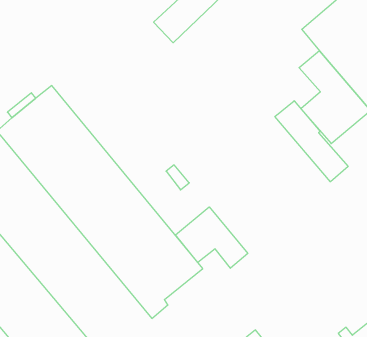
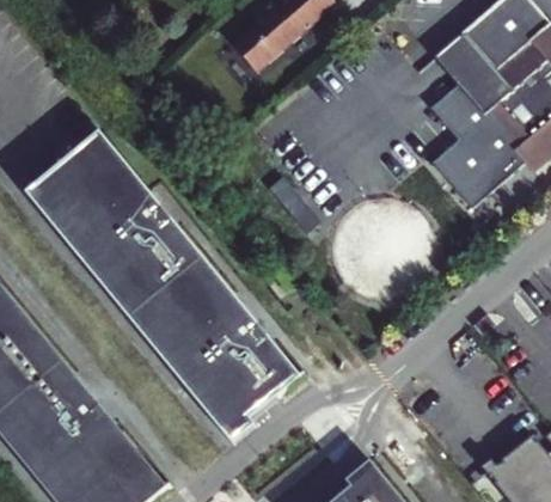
building: [275,101,348,182] -> none
building: [176,207,248,268] -> none

